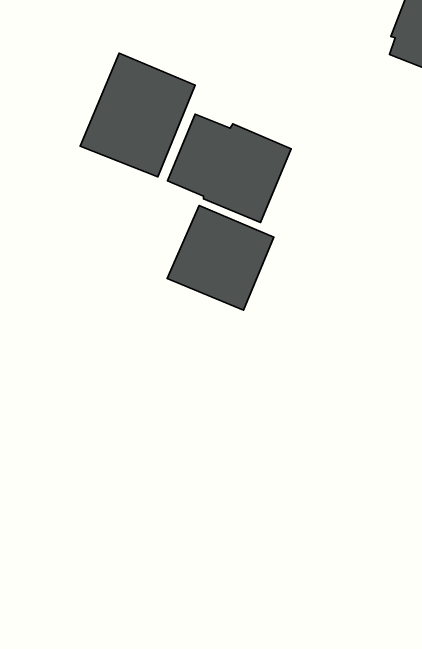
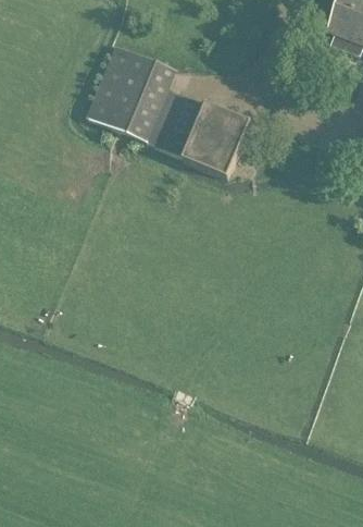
building: [167,205,274,310] -> none

